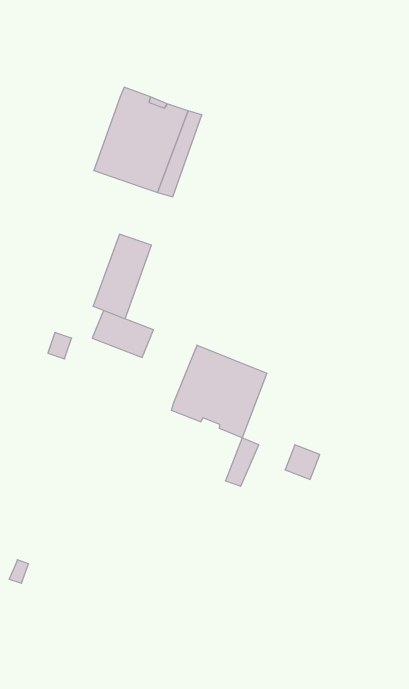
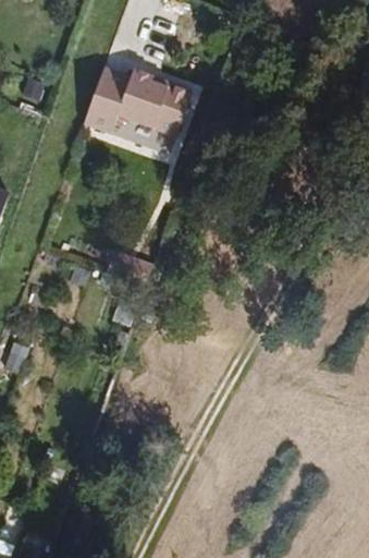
building: [93,234,151,319] -> [83,70,128,136]
building: [171,345,267,438] -> none

